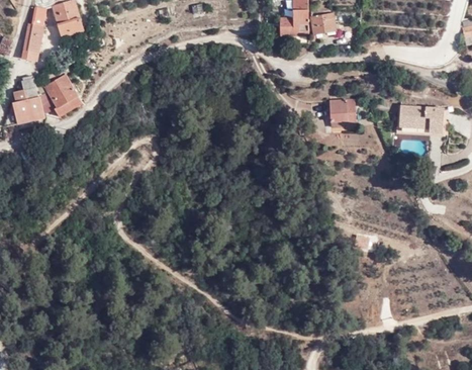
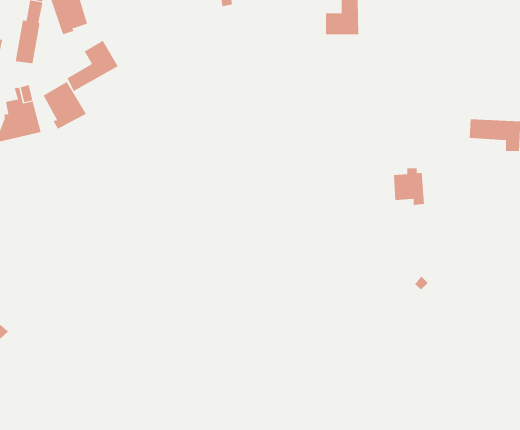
building: [310,14,336,36] -> none
building: none -> [67,40,119,92]
building: [329,96,356,127] -> [393,168,425,205]

